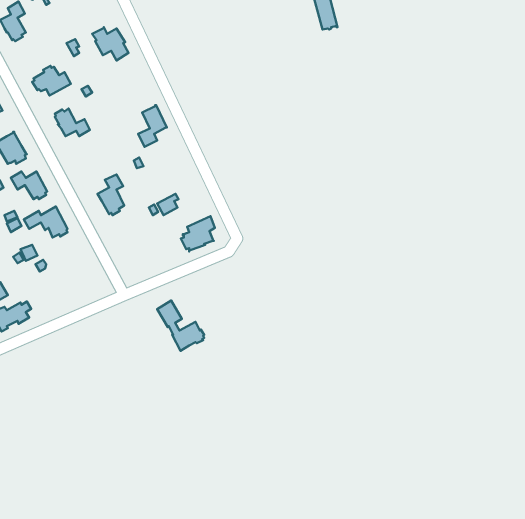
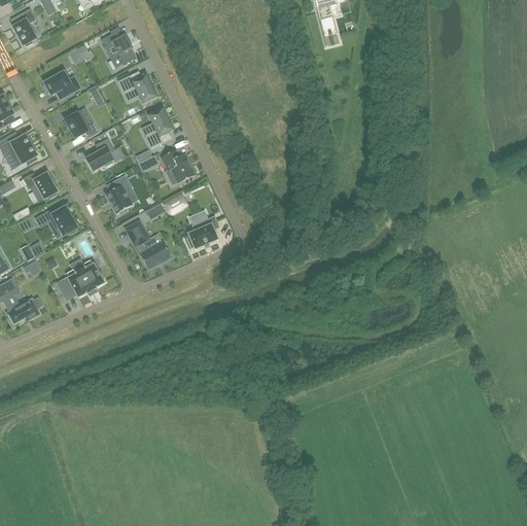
building: none -> [117,73,155,102]
building: none -> [85,137,113,170]
building: none -> [161,148,194,182]
building: none -> [56,257,103,296]
building: [157,301,204,351] -> [125,219,170,268]

